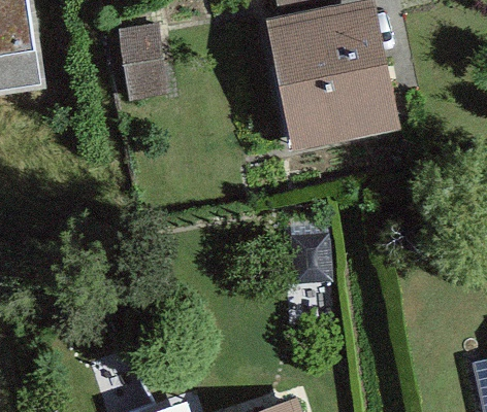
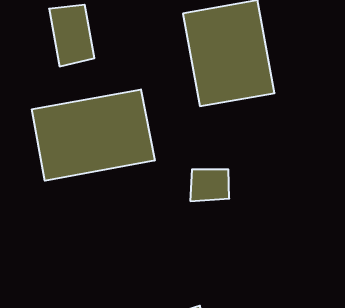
building: none -> [32,89,155,181]

